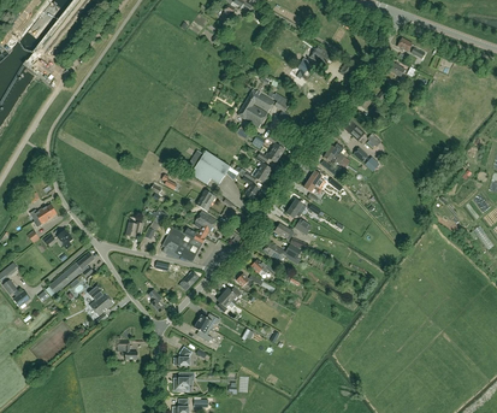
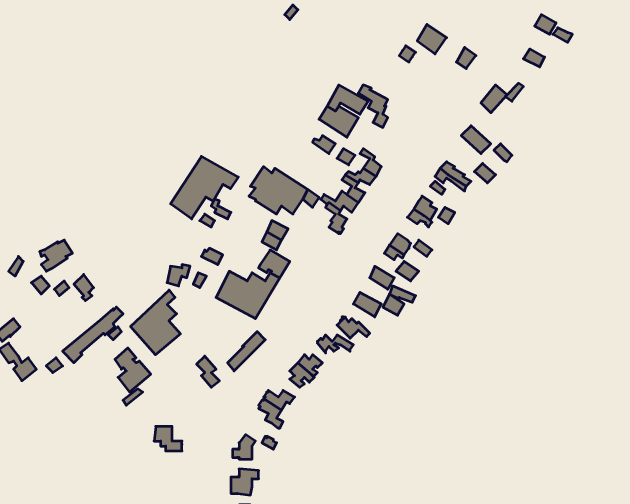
building: none -> [171,156,238,219]
building: none -> [131,290,180,355]

